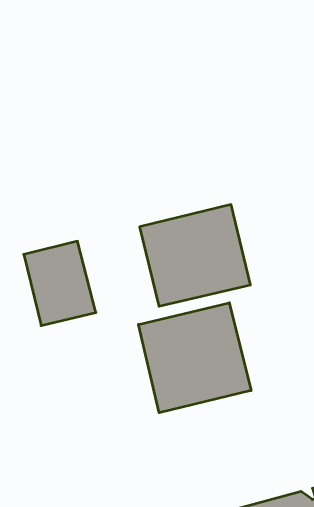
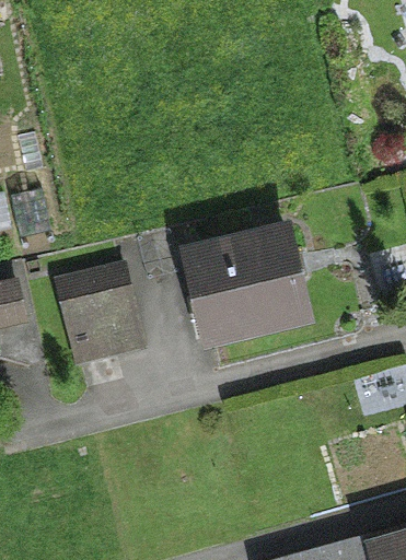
building: [138,303,251,413] -> none

